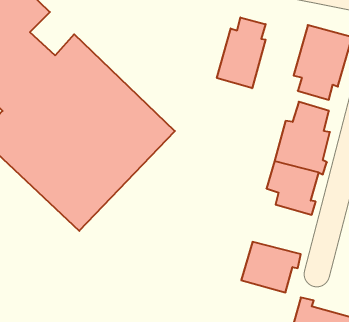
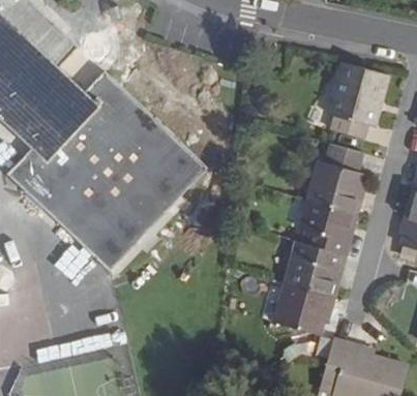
building: [217,17,266,88] -> none
building: none -> [285,243,346,295]

